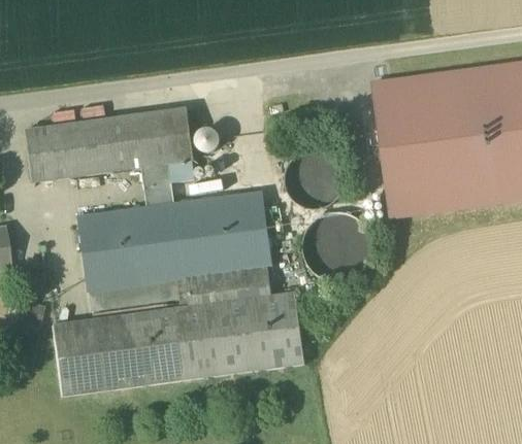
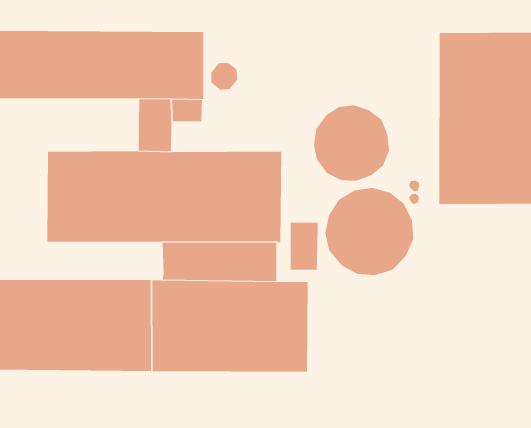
building: none -> [290,222,318,270]
building: [87,276,182,313] -> none

